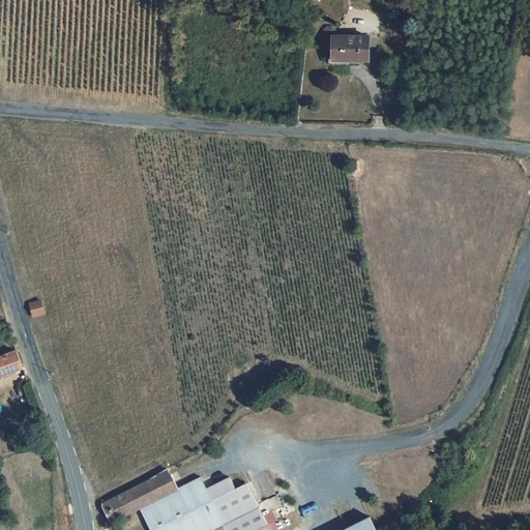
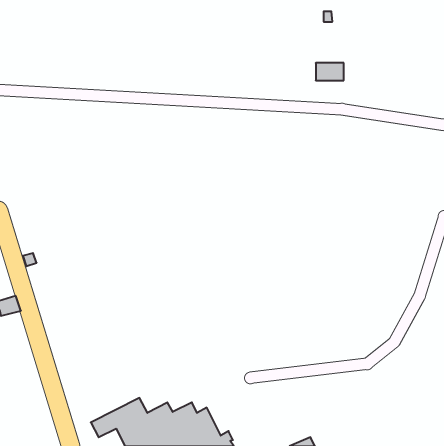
building: [331,38,364,59] -> [316,63,344,80]

